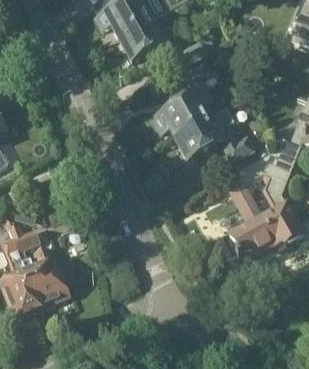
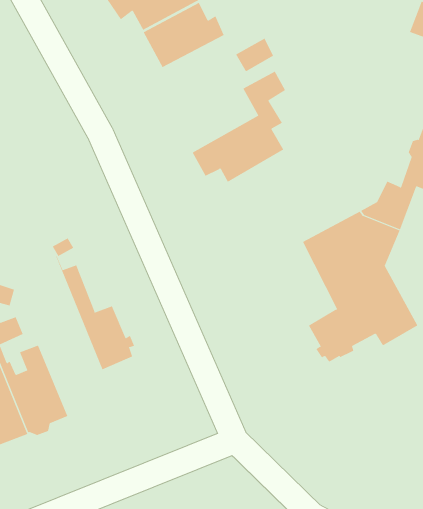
building: [176,116,256,161] -> none
building: none -> [55,255,135,370]

